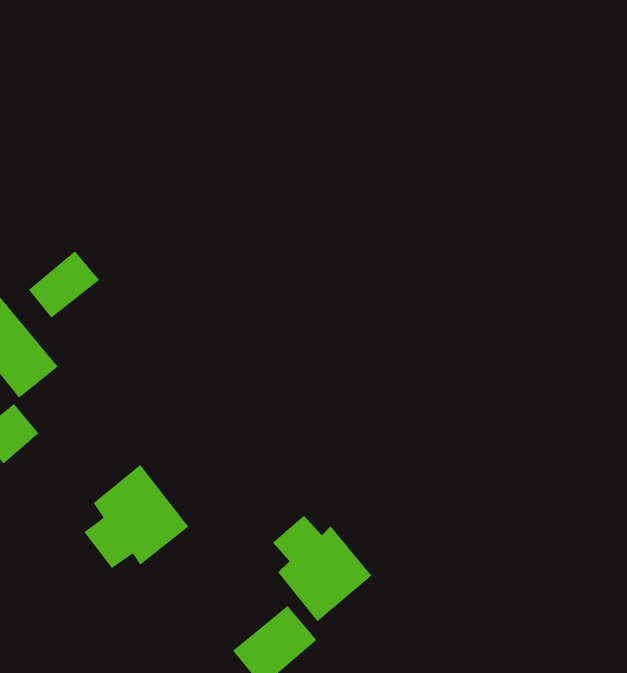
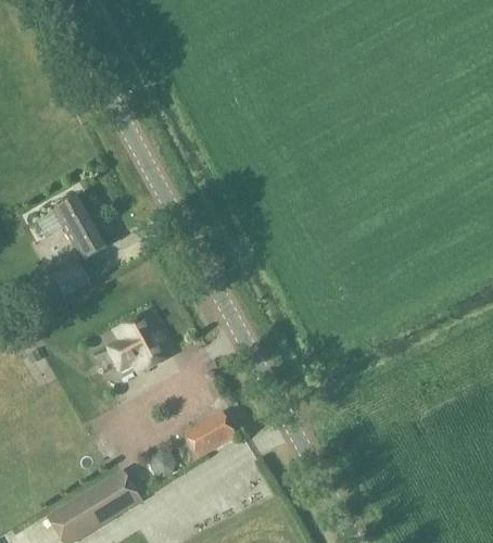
building: [28,251,100,319] -> none
building: [272,515,372,622] -> none

